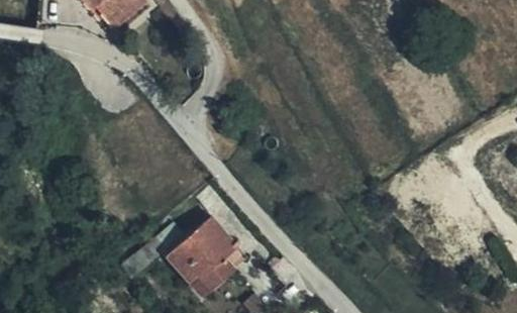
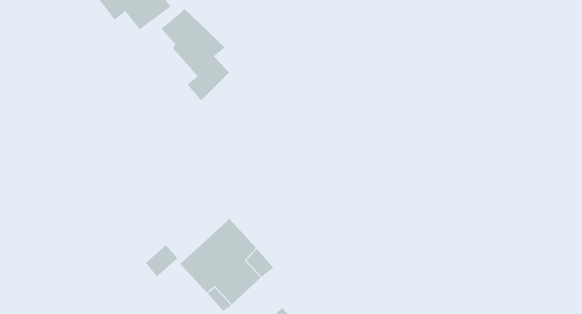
building: none -> [161,8,230,101]

